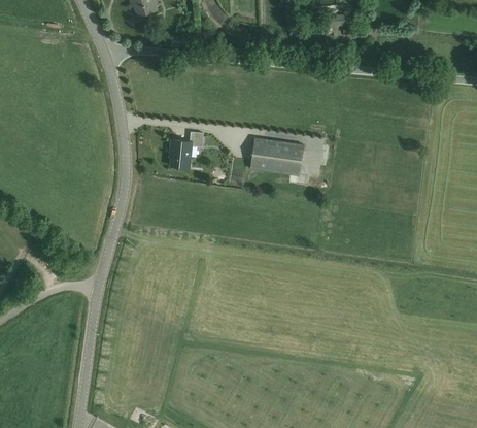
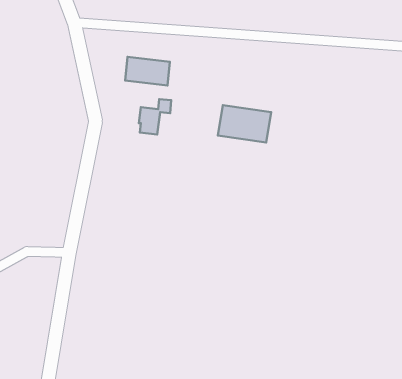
building: none -> [125,57,170,85]

